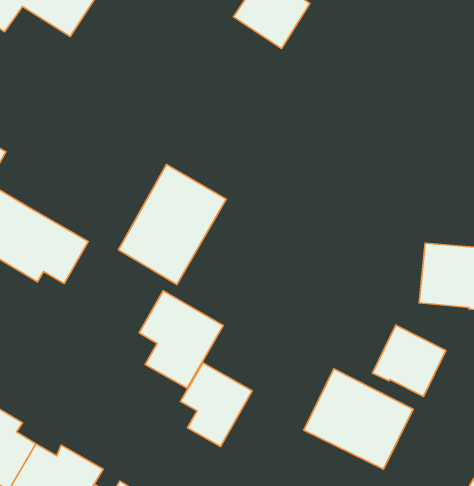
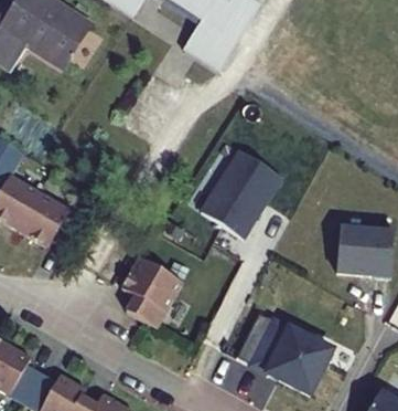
building: [118,165,226,284] -> [201,148,280,236]
building: [372,325,446,396] -> none
building: [181,363,252,446] -> none

